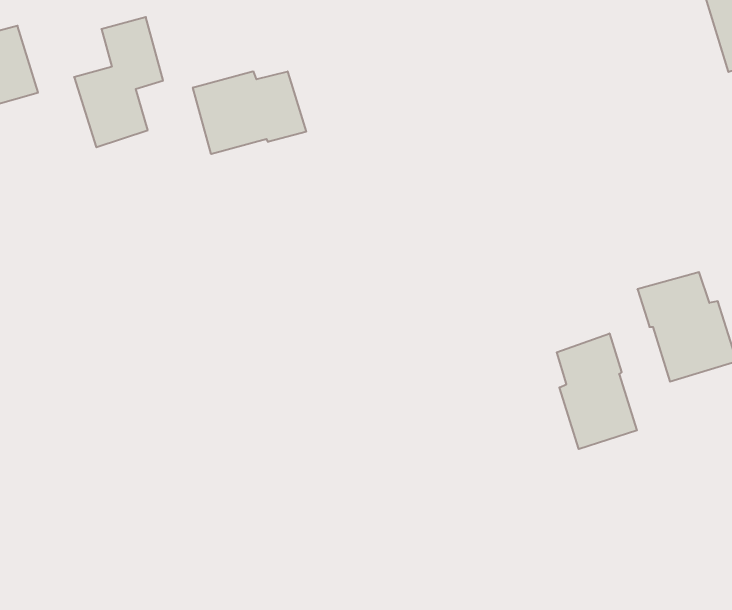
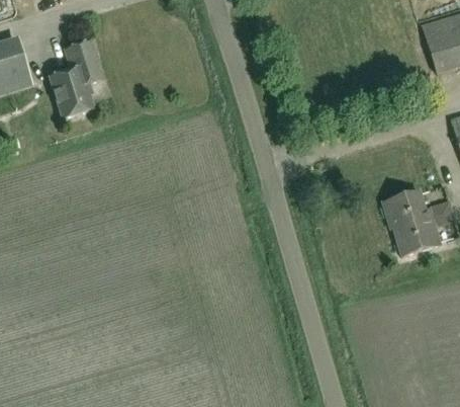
building: [193,71,306,154] -> none
building: [557,333,637,449] -> none

